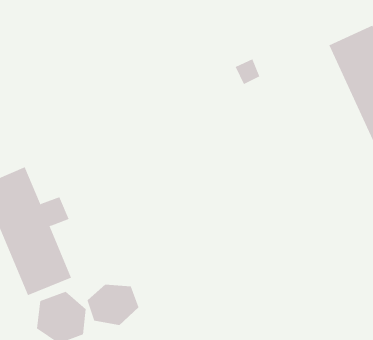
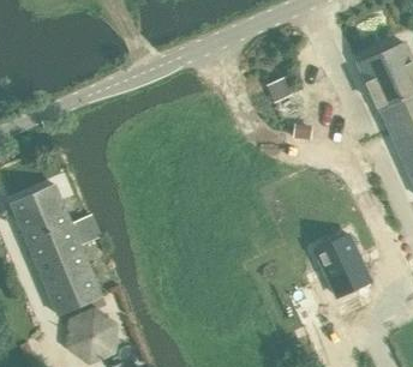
building: none -> [315,234,370,296]
building: [87,284,139,326] -> none

